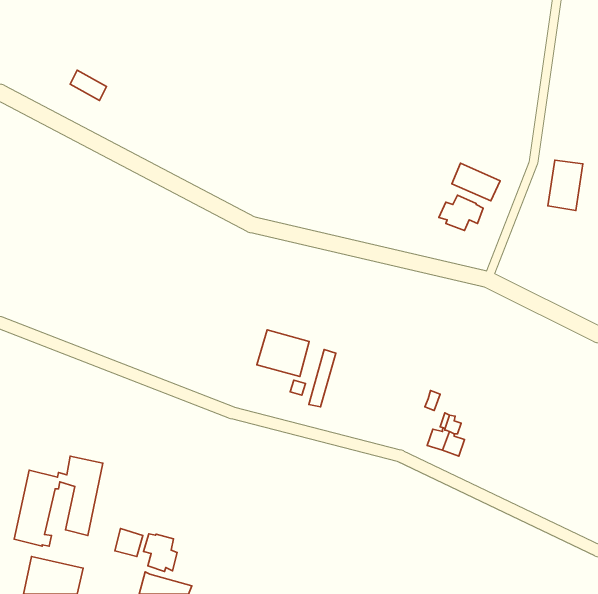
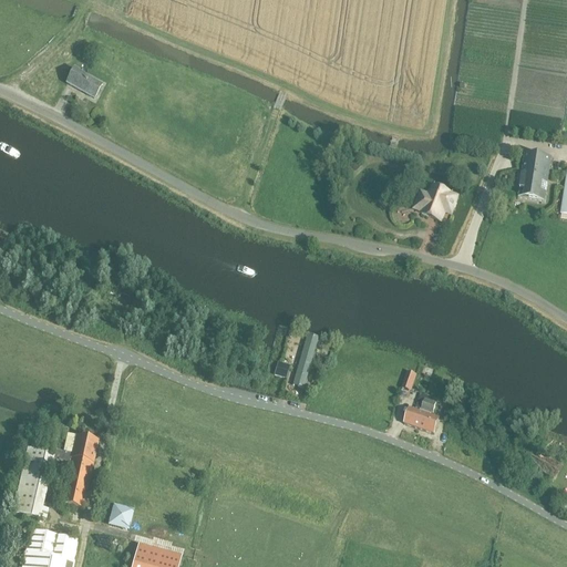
building: [452,163,500,201] -> none
building: [257,330,309,377] -> none
building: [143,534,177,572] -> none

